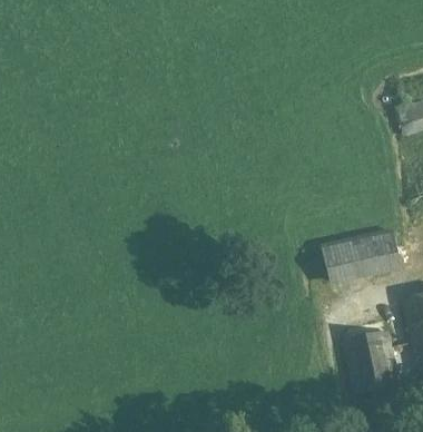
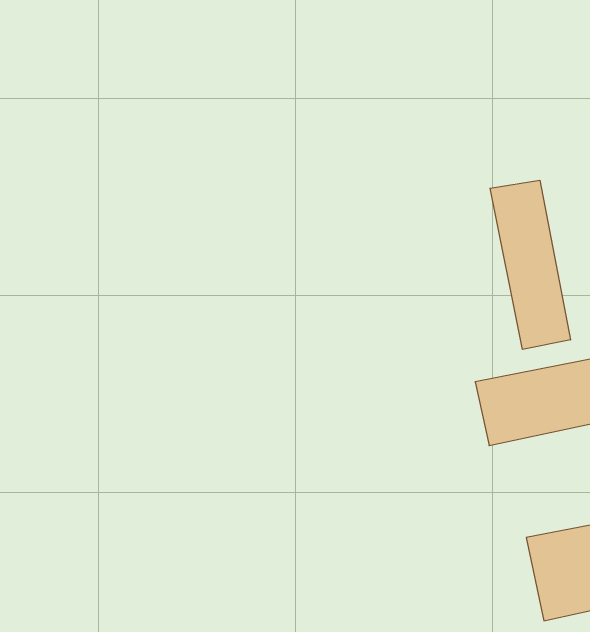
building: none -> [490,180,570,349]

